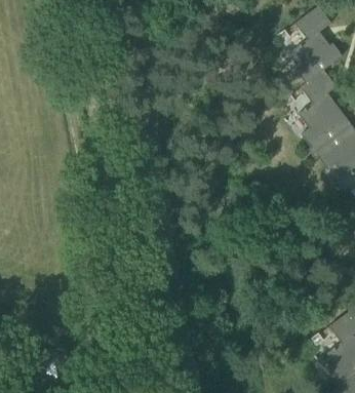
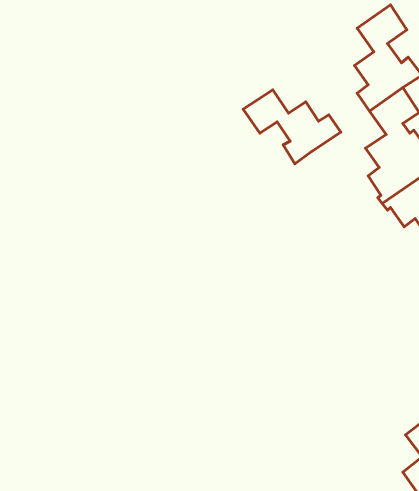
building: none -> [243,90,341,164]

